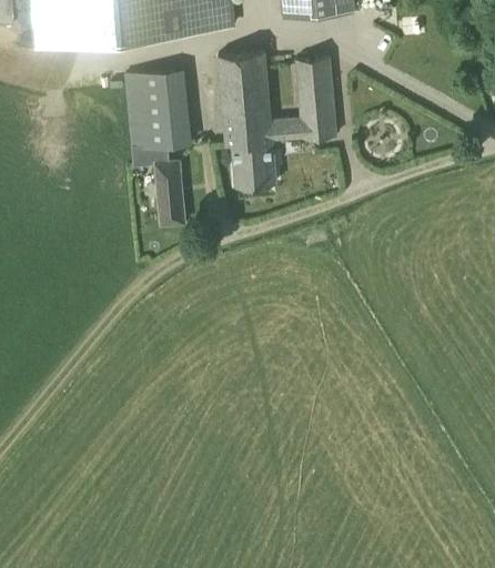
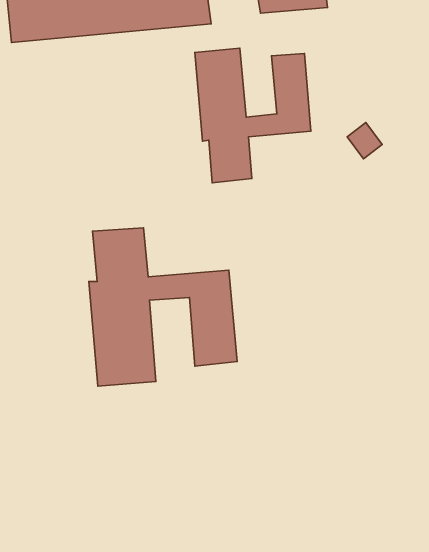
building: [127,69,190,224] -> none
building: none -> [89,228,237,386]

